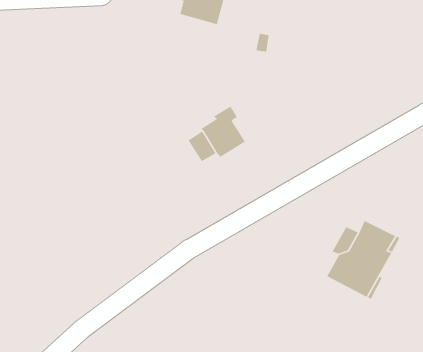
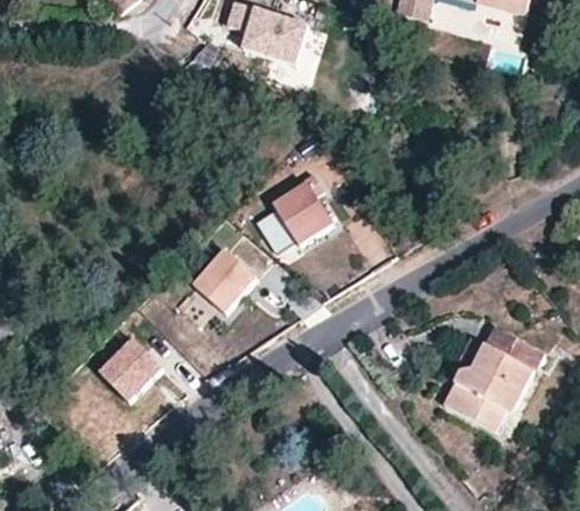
building: none -> [193,250,256,313]
building: none -> [99,341,162,403]

